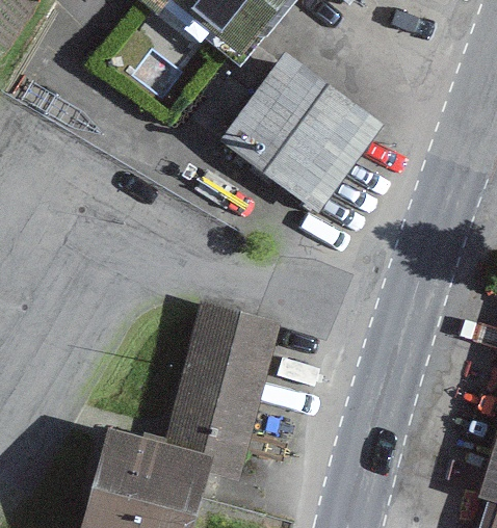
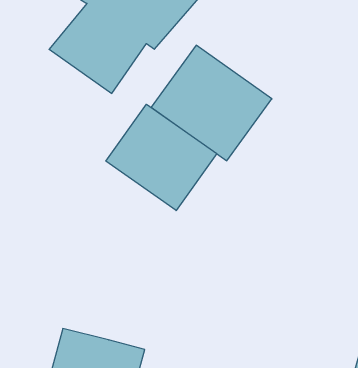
building: none -> [106,104,217,211]
building: [166,300,281,463] -> none

